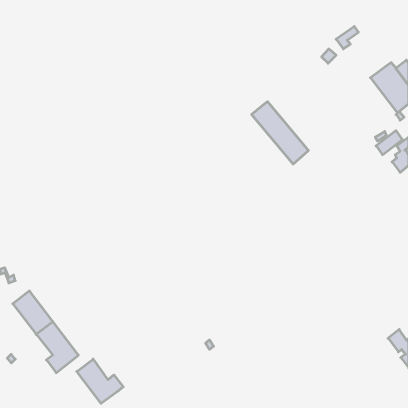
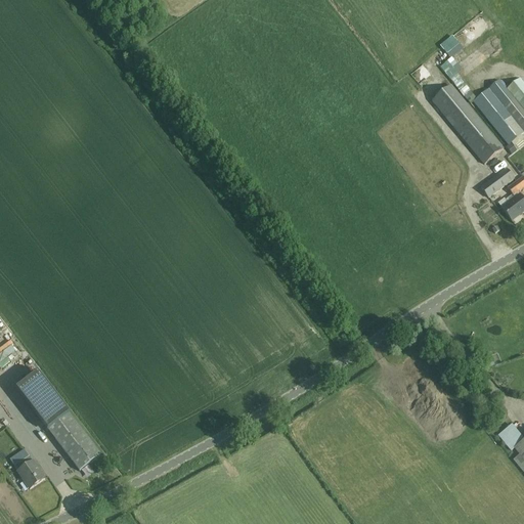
building: [252,102,308,164] -> [432,84,505,164]
building: none -> [15,455,46,488]
building: [77,359,123,403] -> none

